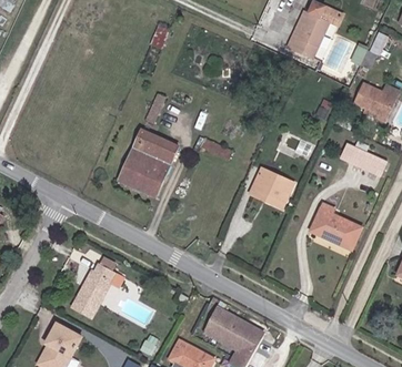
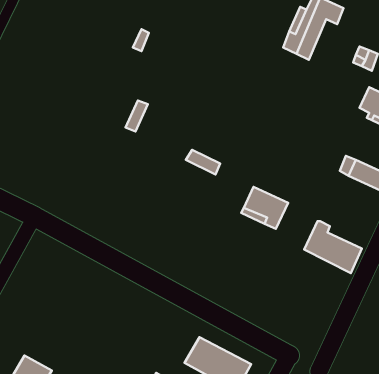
building: [120,130,177,194] -> none
building: [72,265,114,318] -> none

